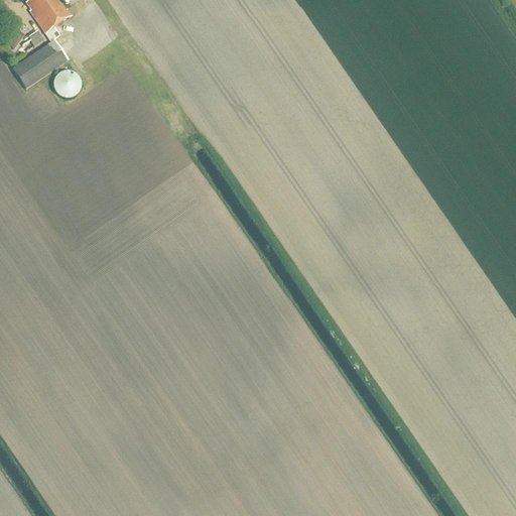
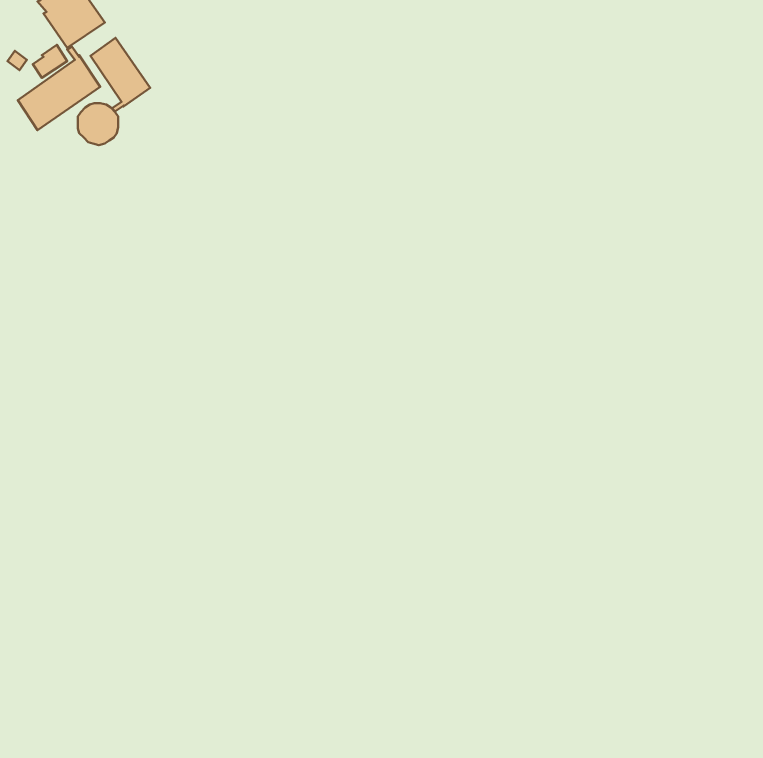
building: none -> [91,38,150,112]

